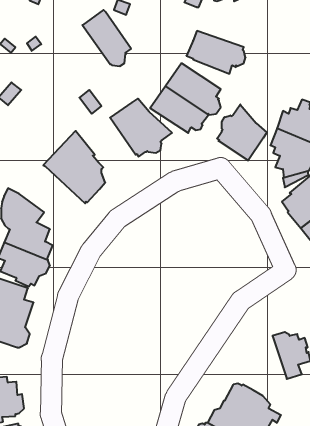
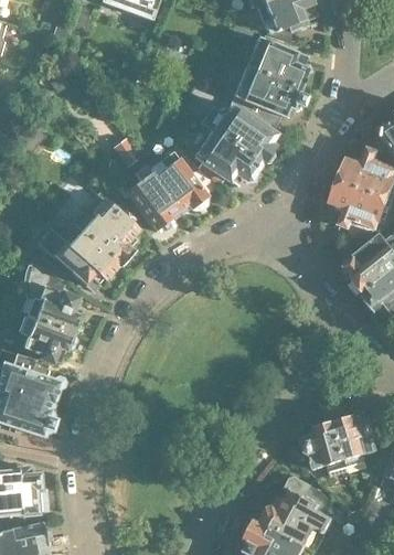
building: none -> [246,39,307,87]
building: [82,10,131,66] -> [119,167,175,232]
building: [217,104,267,161] -> none
building: none -> [38,225,117,285]
building: none -> [302,421,350,477]

